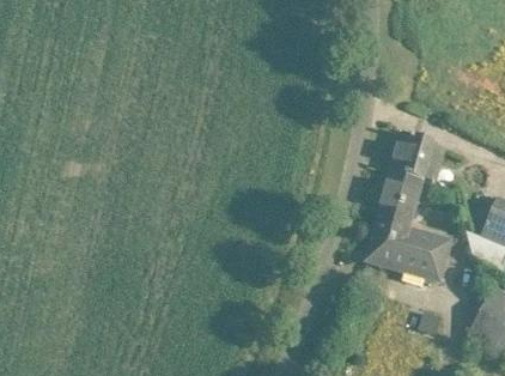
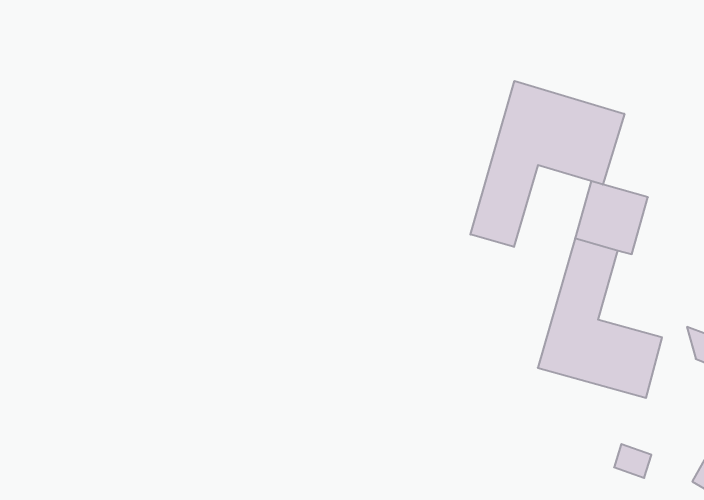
building: none -> [470,81,624,247]

